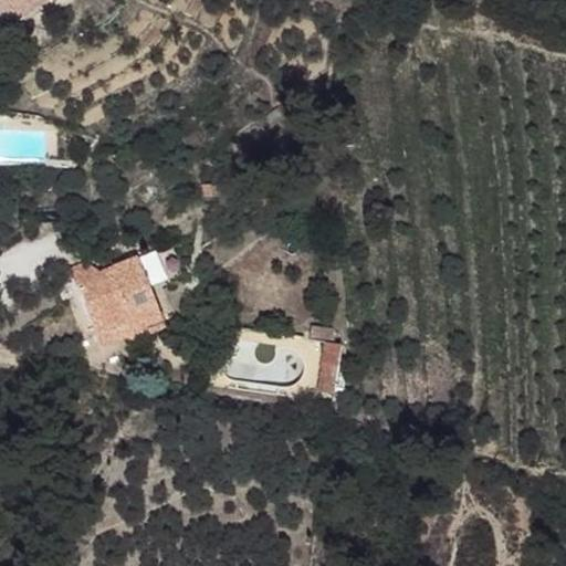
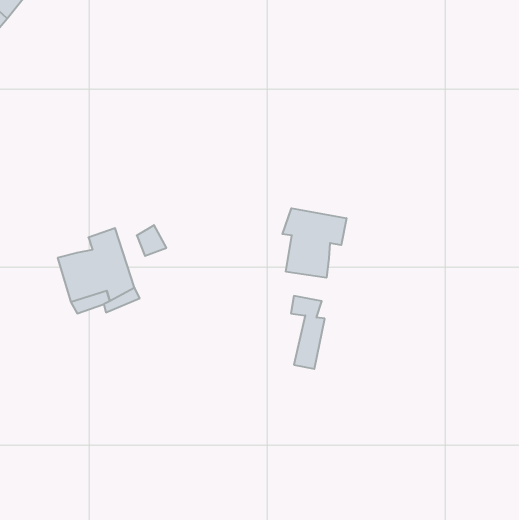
building: none -> [282,208,346,278]

